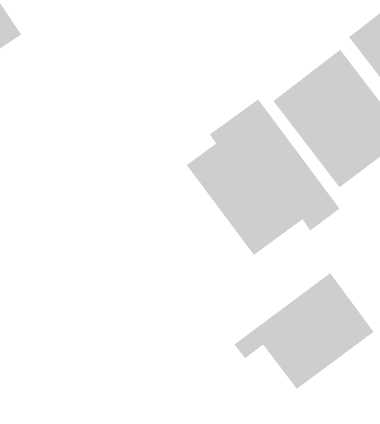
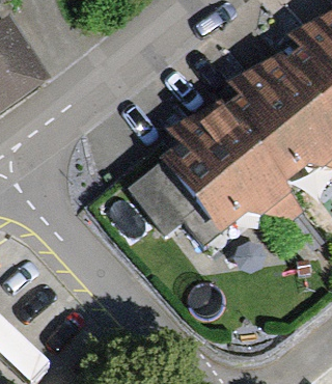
building: [233,272,374,390] -> none

